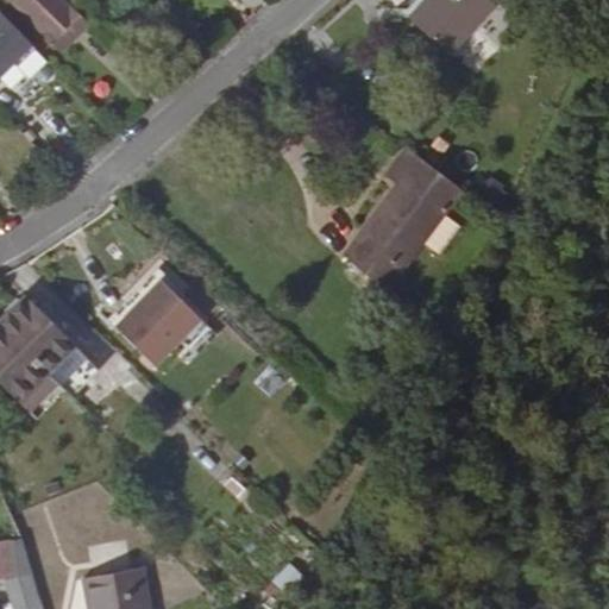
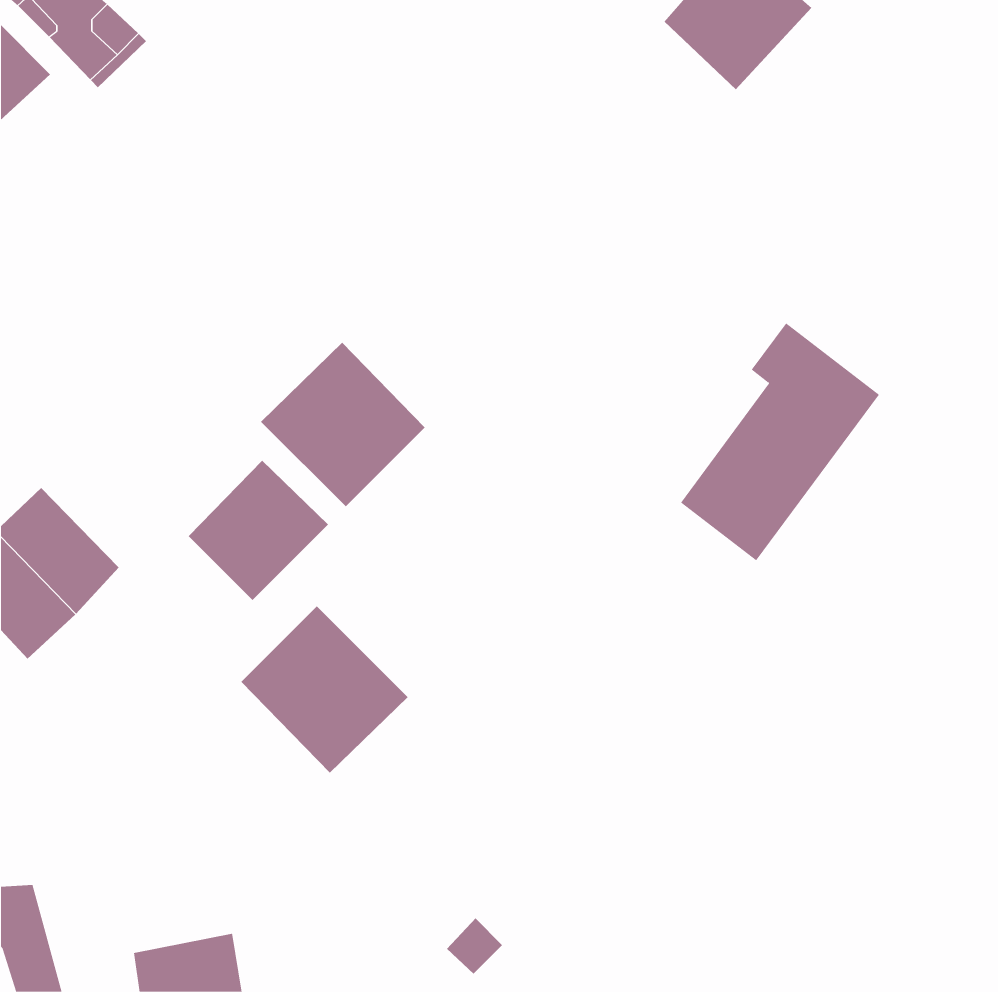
building: [341,146,463,291] -> [680,322,880,561]
building: none -> [260,342,426,507]
building: none -> [241,605,409,773]

